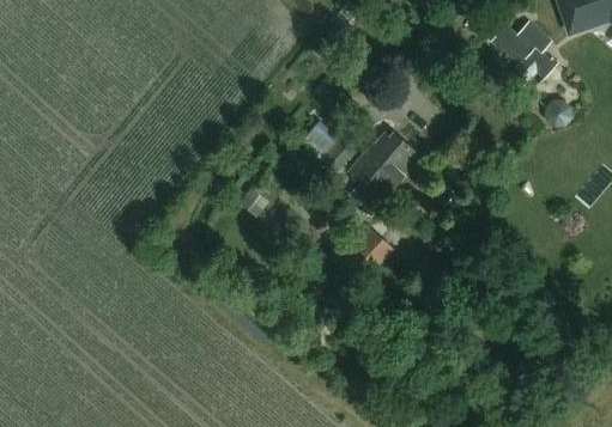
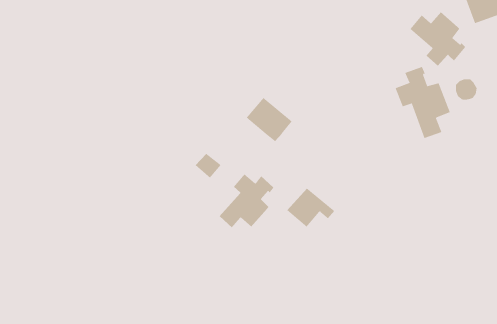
building: none -> [395,66,451,139]
building: [353,132,423,199] -> none
building: none -> [219,173,274,228]

